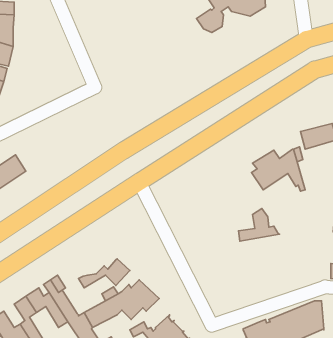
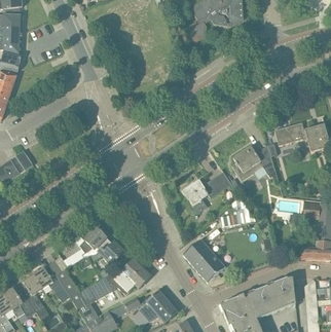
building: none -> [183,172,231,212]
building: none -> [74,227,112,256]
building: none -> [183,237,228,287]

